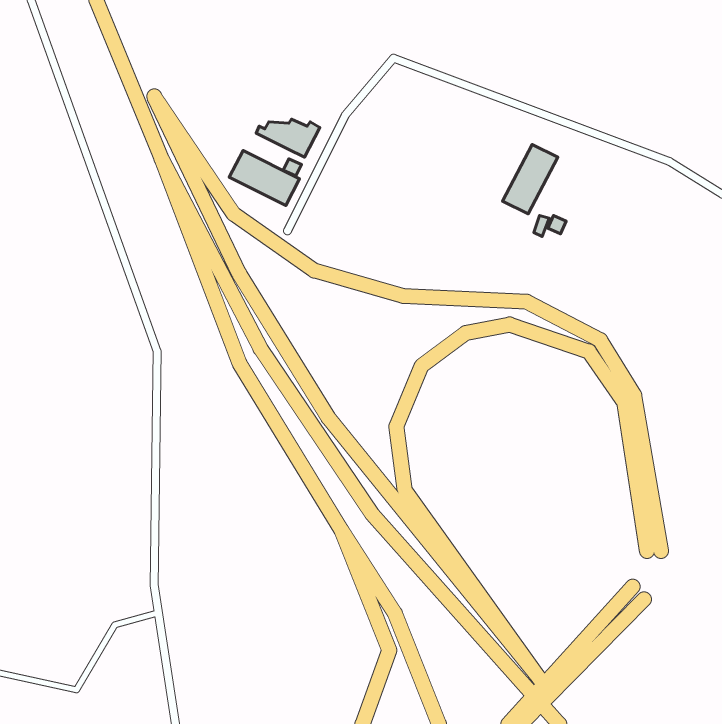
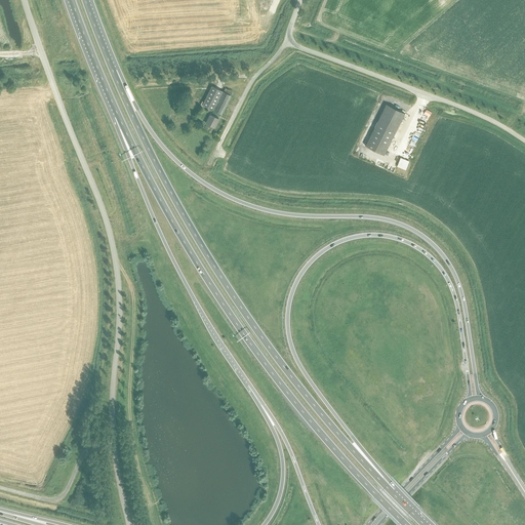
building: [229,151,300,205] -> none

